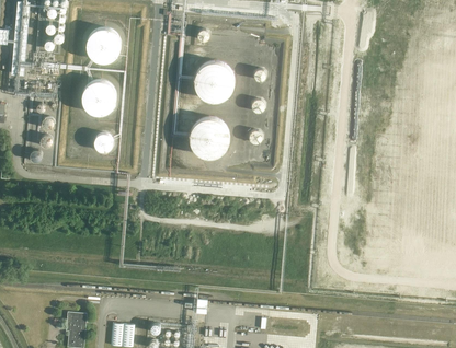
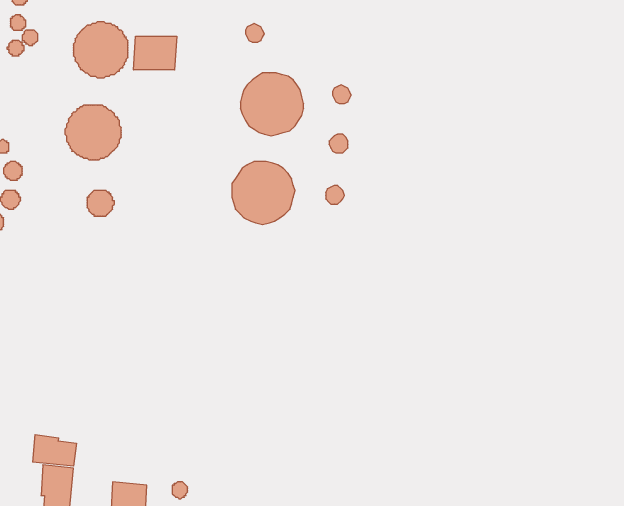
building: none -> [134,36,177,70]
building: none -> [33,435,76,466]

